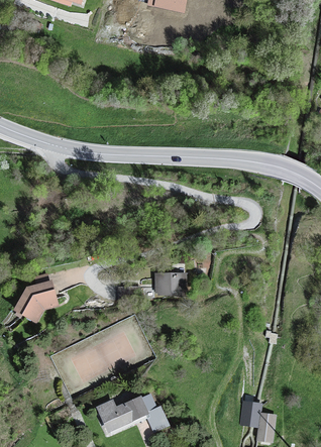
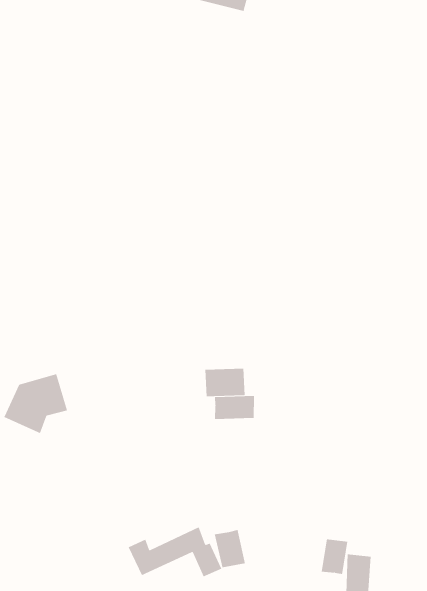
building: none -> [214,395,254,420]
building: none -> [214,529,246,568]

